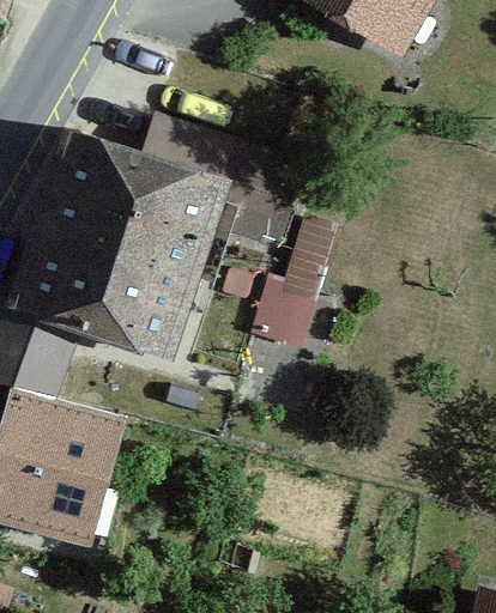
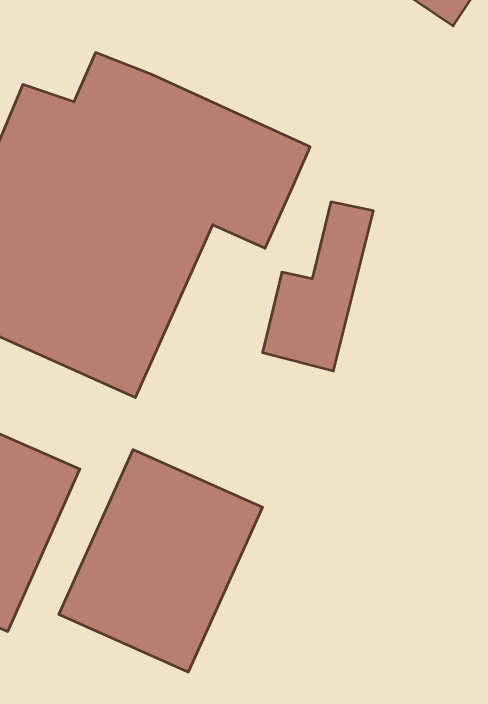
building: none -> [59,450,262,672]

